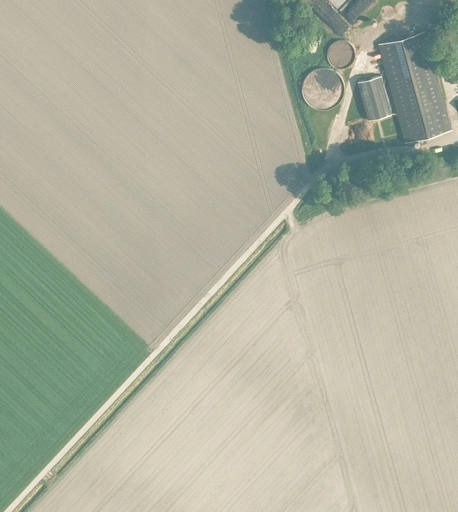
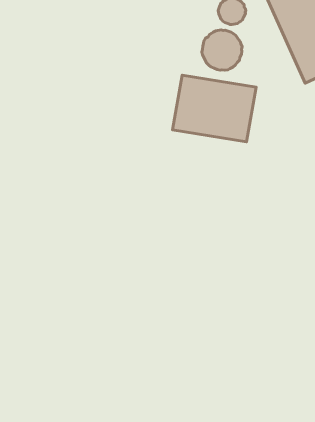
building: [357,76,391,121] -> none
building: none -> [173,75,256,142]

